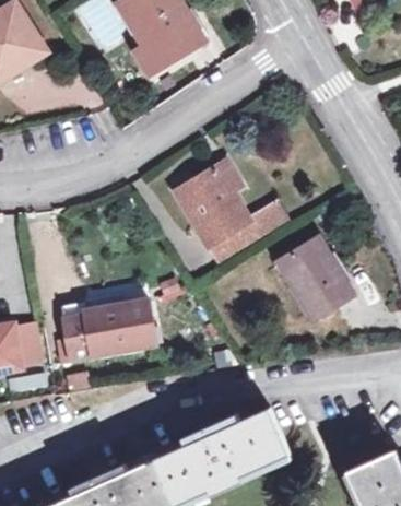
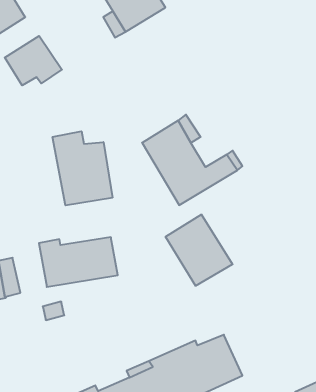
building: none -> [5,36,62,85]
building: none -> [53,131,112,205]
building: [279,238,354,318] -> [165,215,233,286]

